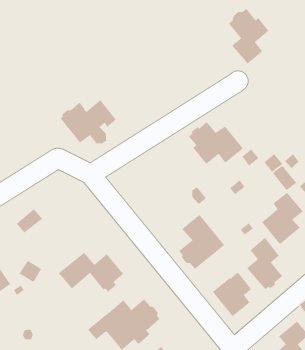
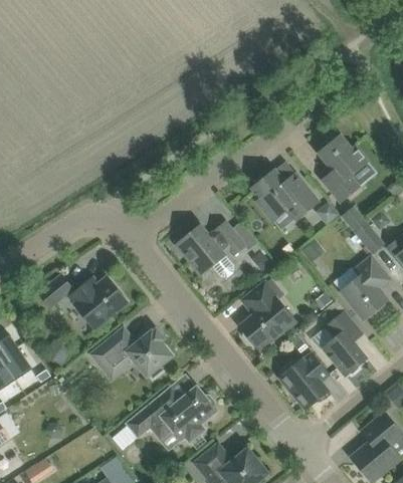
building: [228,8,270,64] -> [317,134,368,203]
building: [59,99,117,144] -> [175,221,245,276]
building: none -> [69,277,128,329]

